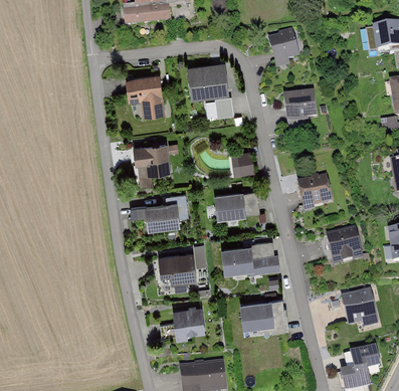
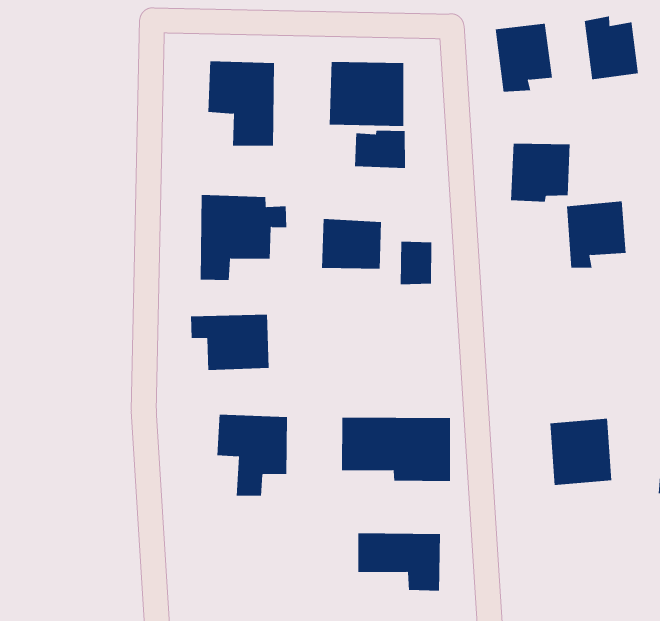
building: none -> [584,15,638,80]
building: [297,176,332,214] -> [566,201,626,268]
building: [214,190,247,218] -> [321,219,382,269]
building: [338,288,375,325] -> none
building: [172,305,207,342] -> none

